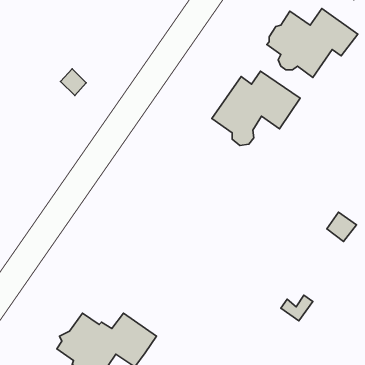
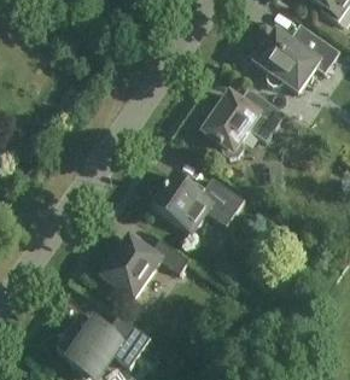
building: none -> [151,173,244,232]
building: none -> [101,235,188,297]

